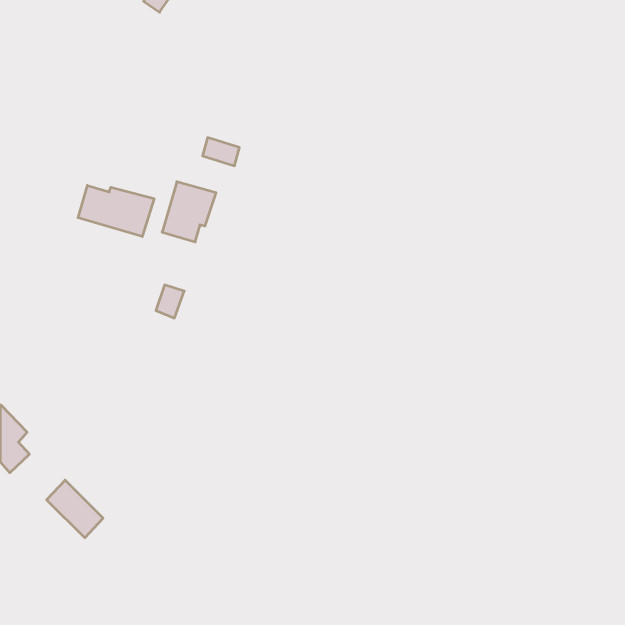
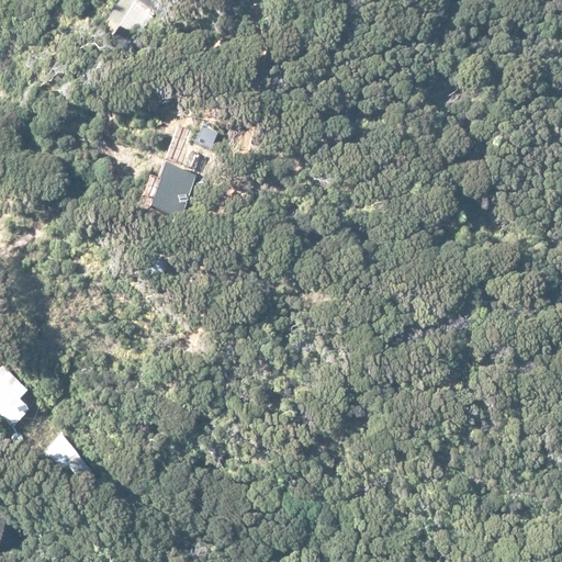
building: [78,185,154,237] -> none

